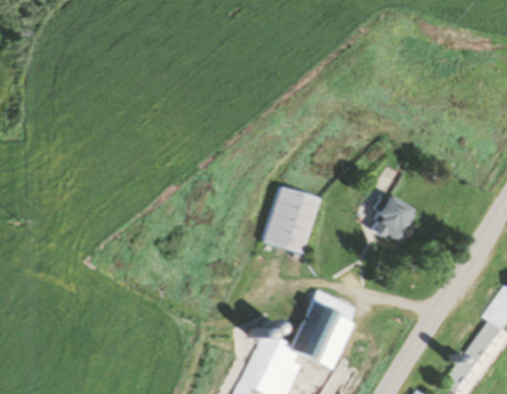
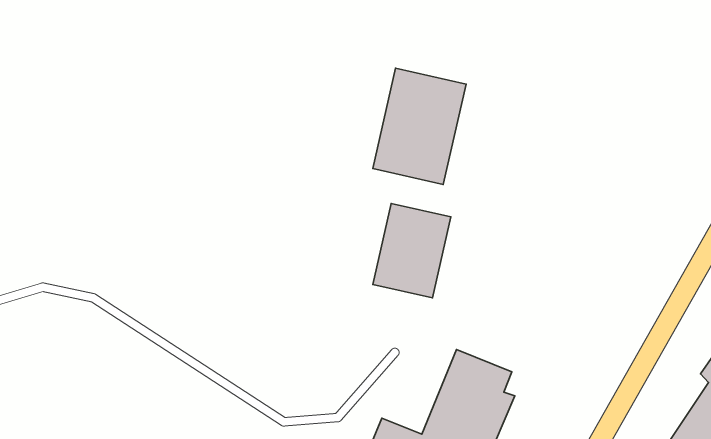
building: none -> [373,68,466,185]
building: [372,194,414,239] -> none

